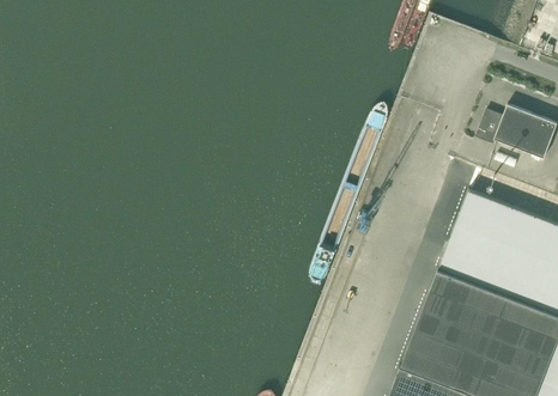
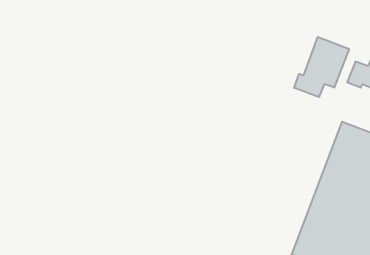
building: none -> [294,37,349,97]

